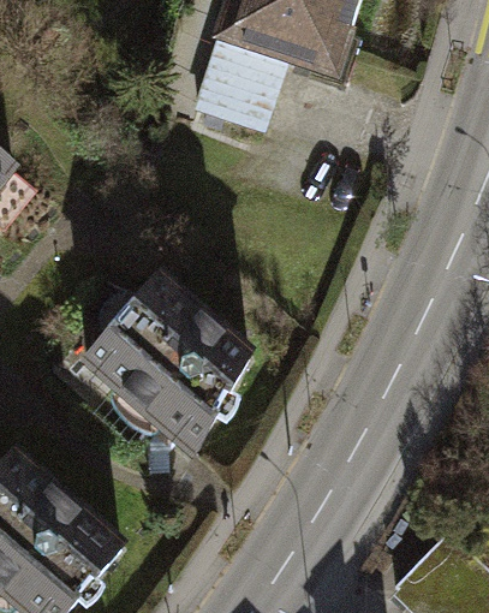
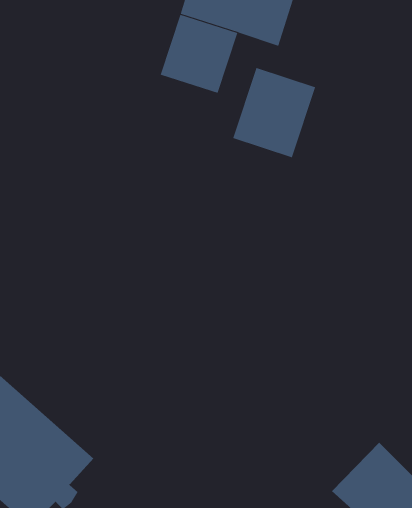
building: none -> [232,67,316,158]
building: [84,279,249,454] -> none

